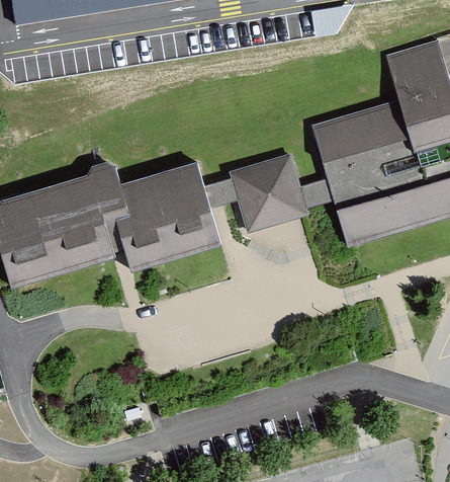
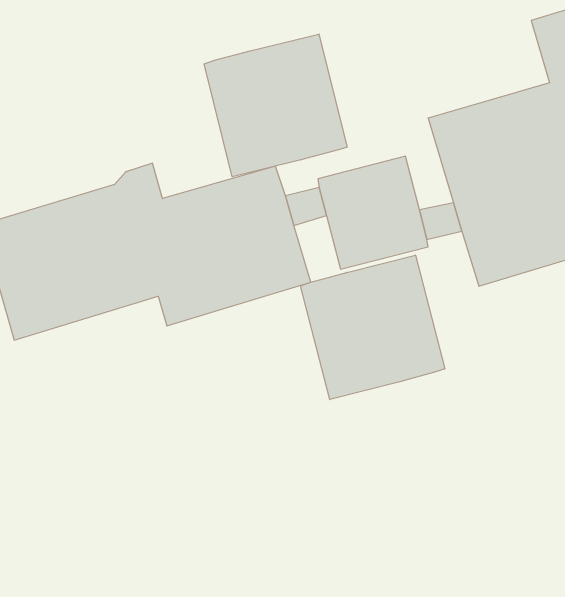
building: none -> [204,34,347,177]
building: none -> [301,255,445,400]

